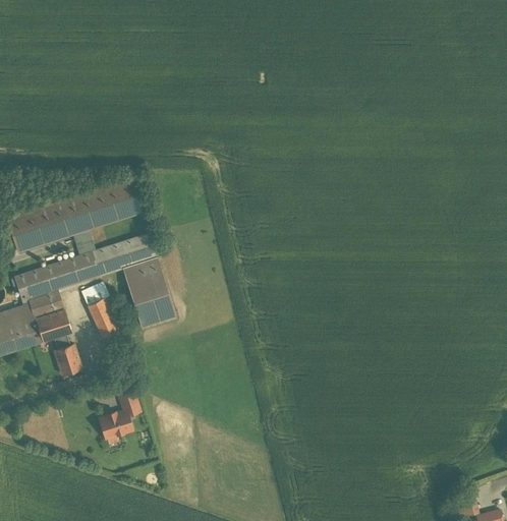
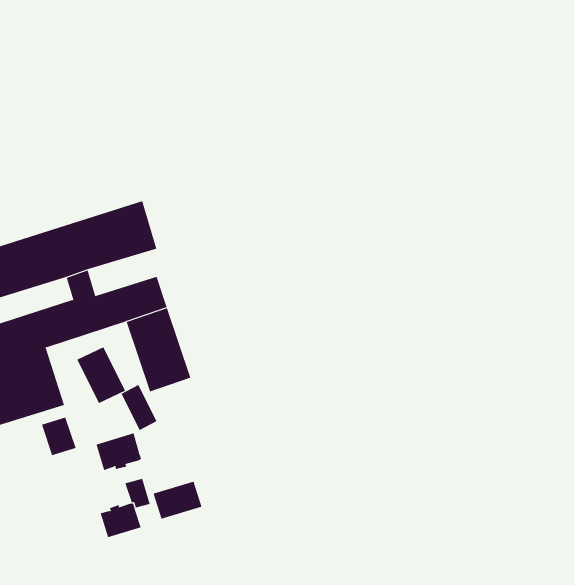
building: none -> [121,384,157,431]
building: none -> [96,432,142,471]
building: none -> [153,481,202,520]

